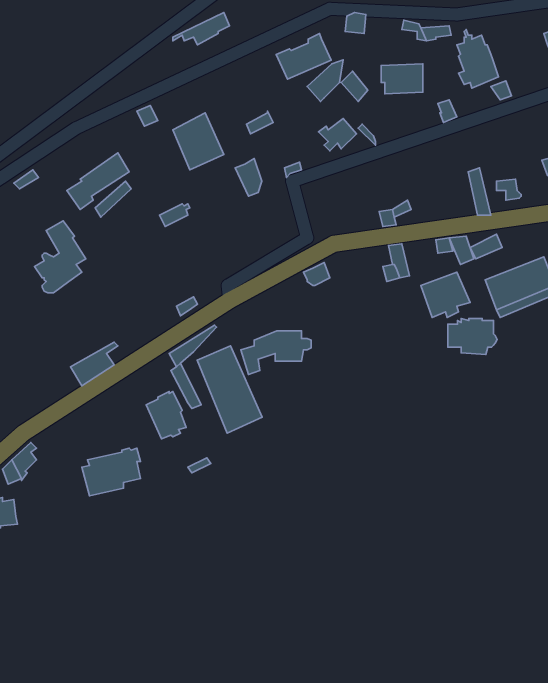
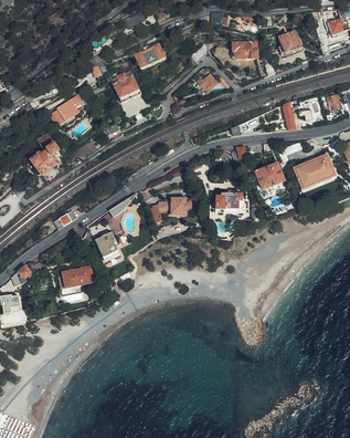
building: [276,34,331,79] -> [132,42,165,69]
building: [448,319,497,355] -> [215,192,244,213]
building: [197,346,262,433] -> none

